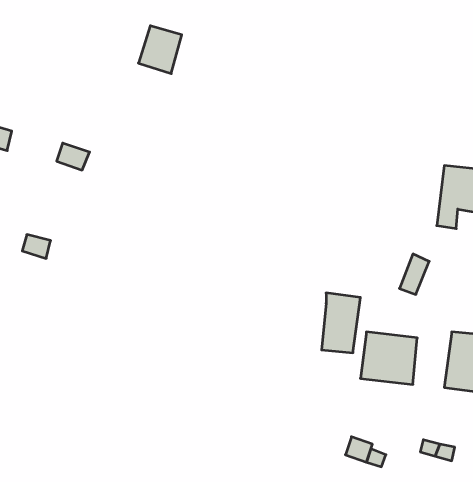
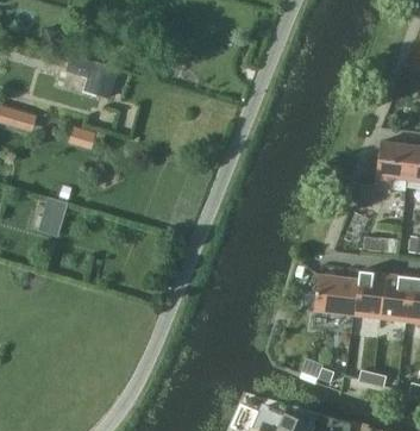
building: [138,26,182,74] -> [83,61,118,99]
building: [322,293,360,353] -> [355,270,385,318]

